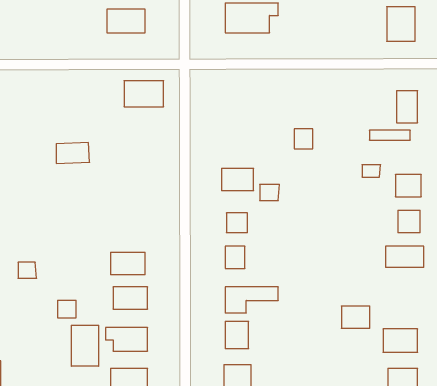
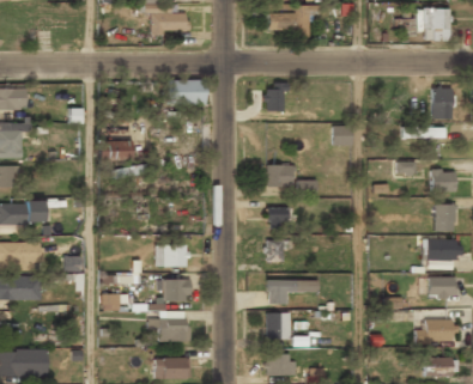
building: none -> [265,85,285,110]
building: [341,306,370,328] -> [427,276,455,298]
building: [71,325,99,366] -> none

